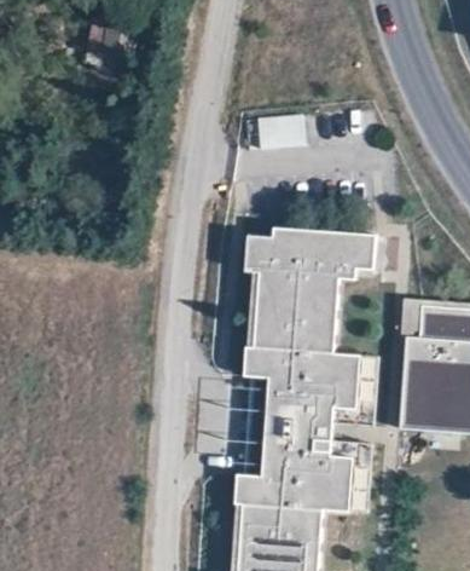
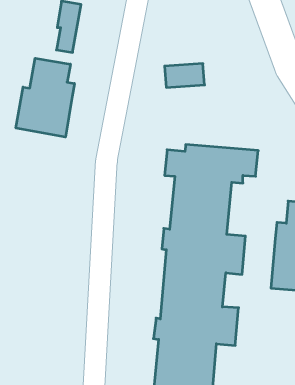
building: none -> [16,58,74,137]

